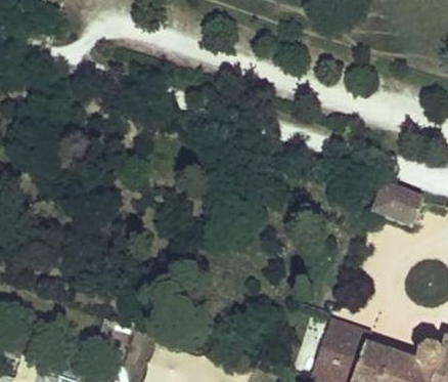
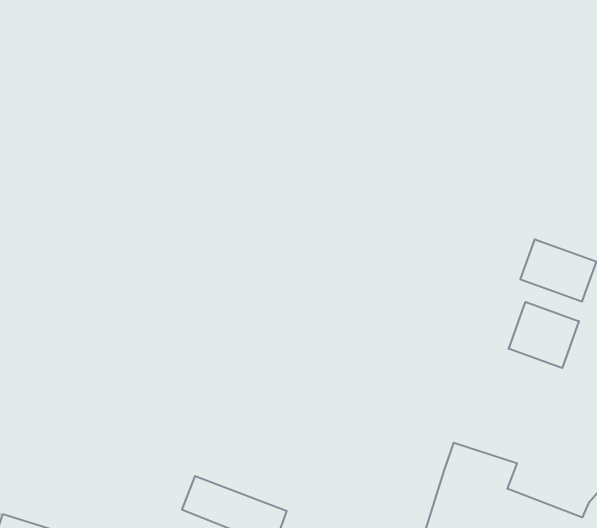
building: none -> [509,302,579,368]

